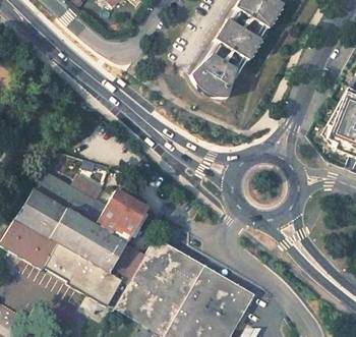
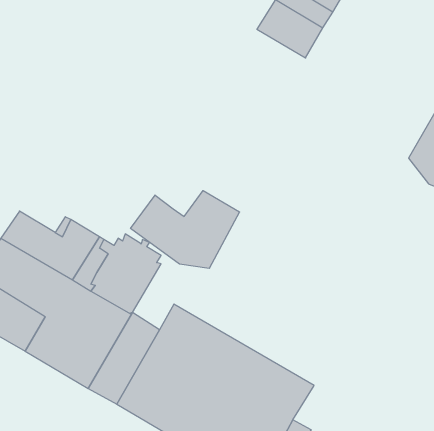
building: [189,55,239,100] -> none
building: none -> [131,191,240,268]

